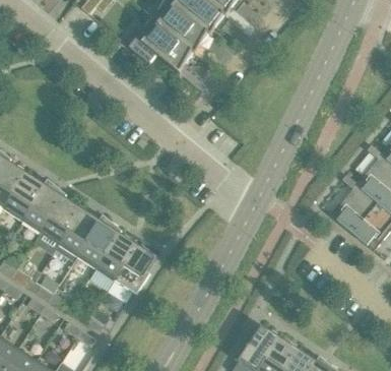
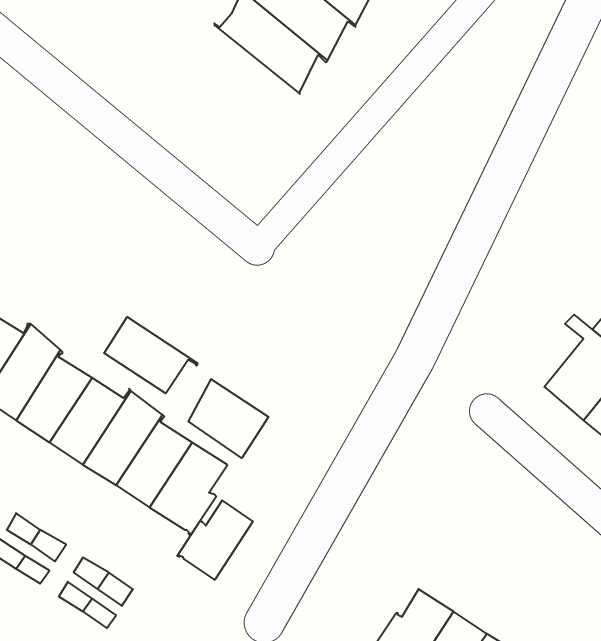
building: [128,16,196,73] -> none
building: none -> [104,317,198,393]
building: none -> [188,379,268,458]
building: none -> [177,500,253,580]

